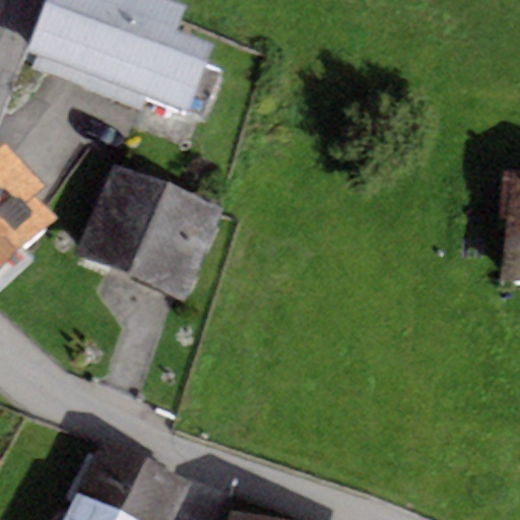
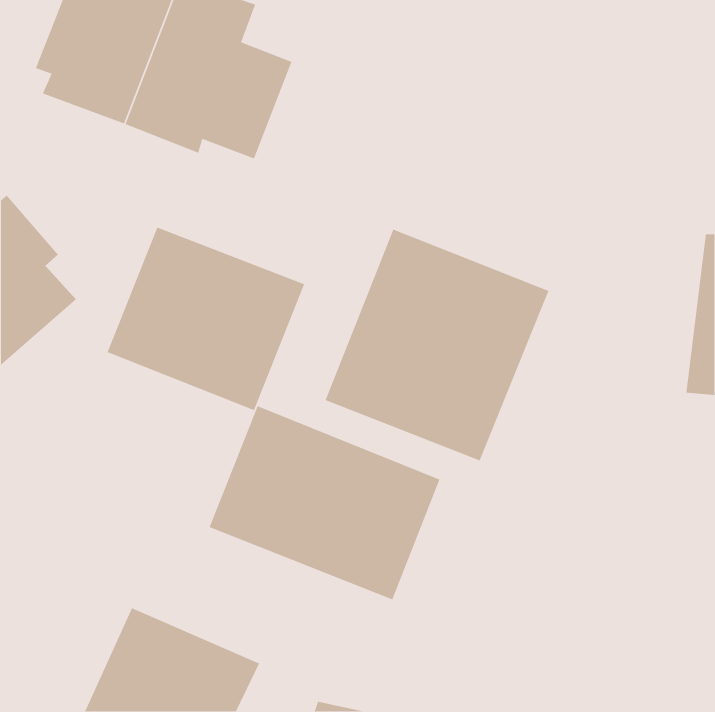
building: none -> [325,228,549,461]
building: none -> [208,405,441,601]

